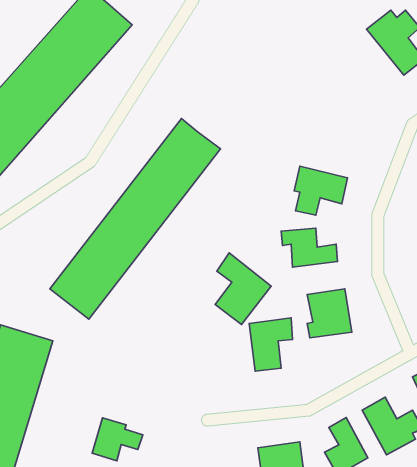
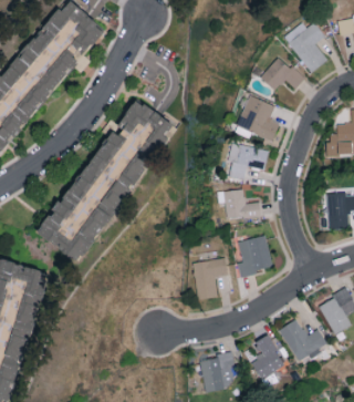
building: none -> [259,55,303,90]
building: none -> [237,95,278,140]
building: [215,253,271,325] -> none
building: [92,418,143,461] -> none

